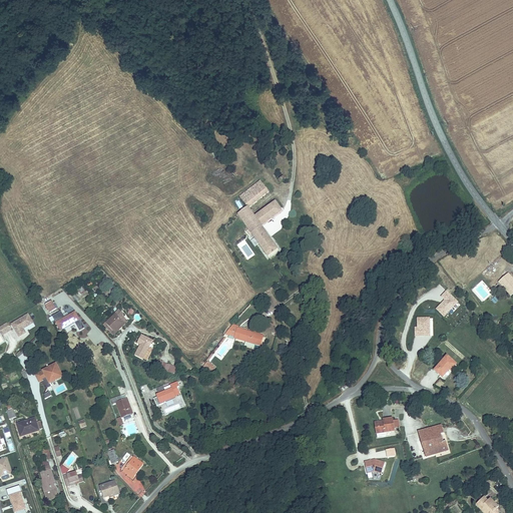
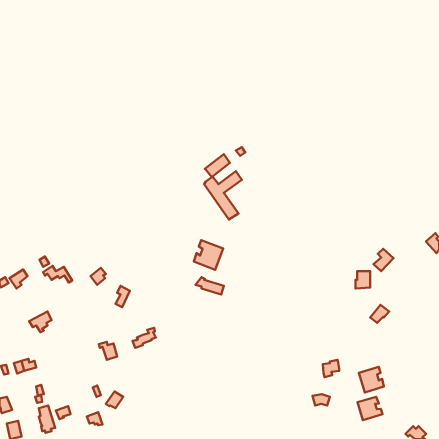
building: none -> [194,240,223,270]
building: none -> [357,397,382,420]

